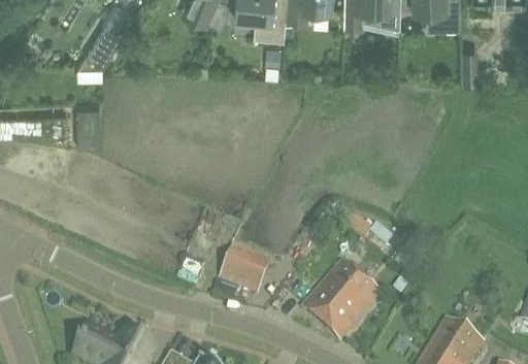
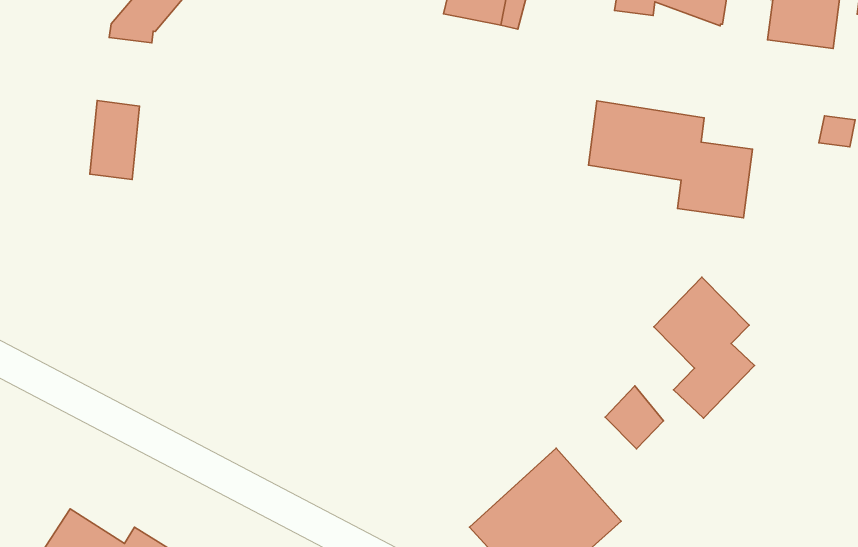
building: none -> [589,101,752,218]
building: none -> [654,277,755,418]
building: [220,245,269,291] -> none

